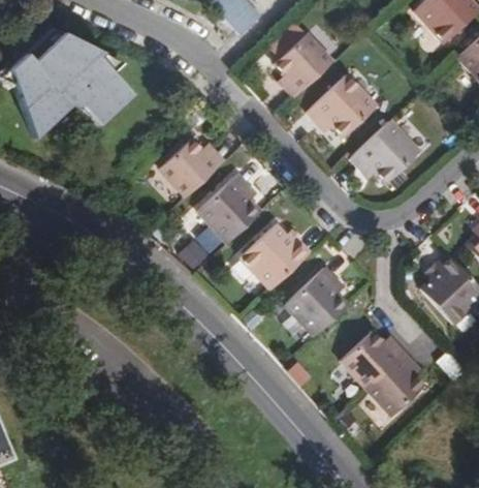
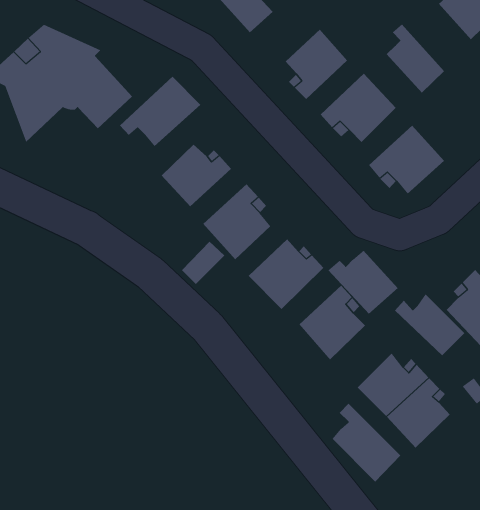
building: none -> [386,24,445,94]
building: none -> [119,76,201,147]
building: none -> [327,250,399,315]
building: none -> [394,293,465,356]
building: none -> [332,403,401,483]

